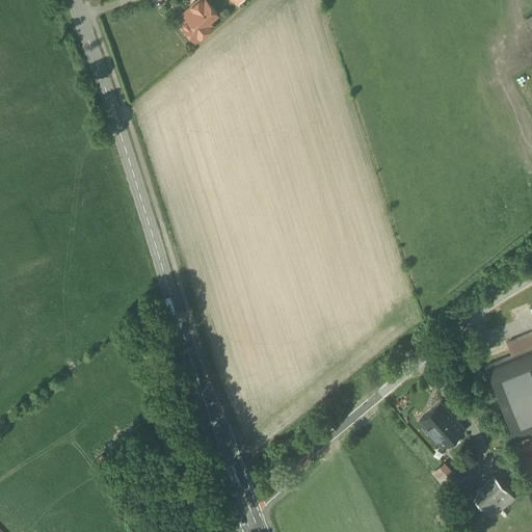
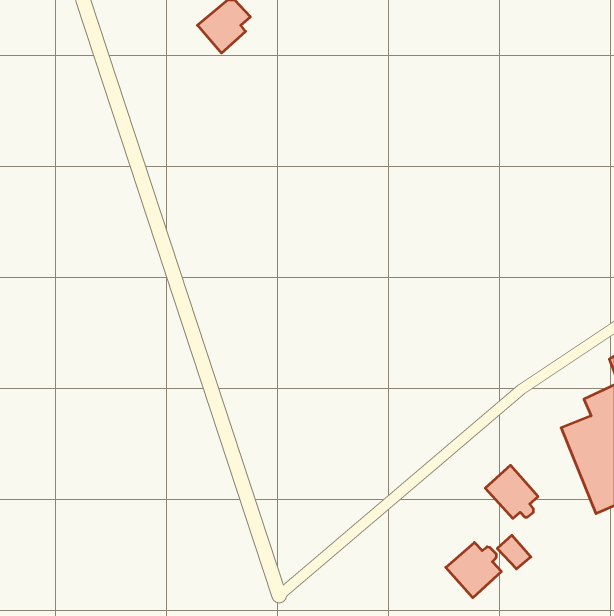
building: none -> [446,542,501,598]
building: [472,475,515,517] -> none

